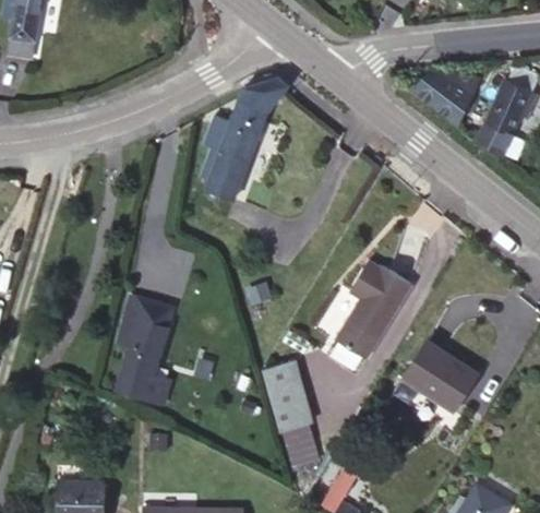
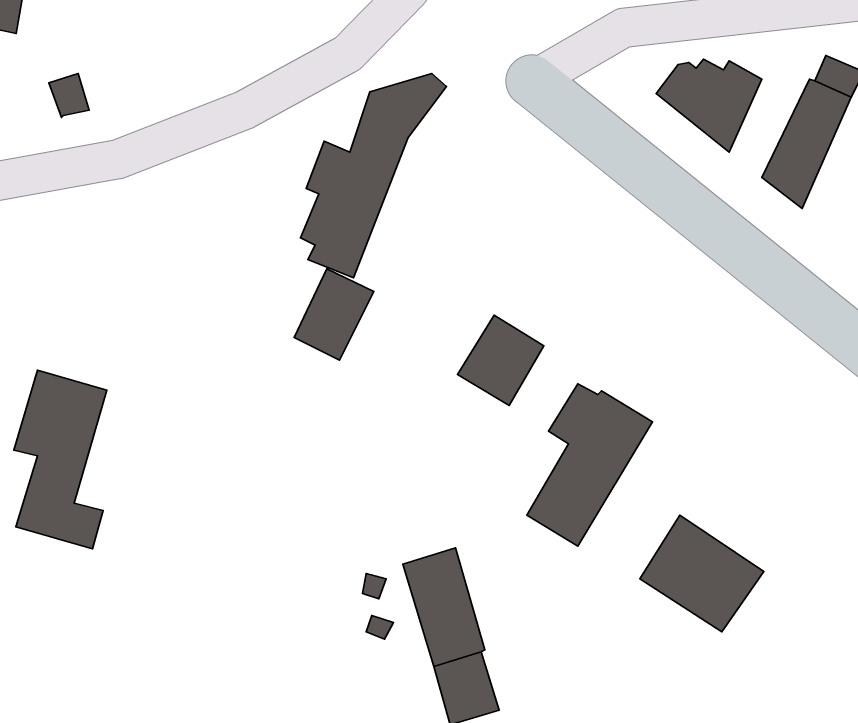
building: none -> [294,269,374,360]
building: none -> [457,315,544,406]
building: [116,297,171,404] -> [14,370,107,549]

